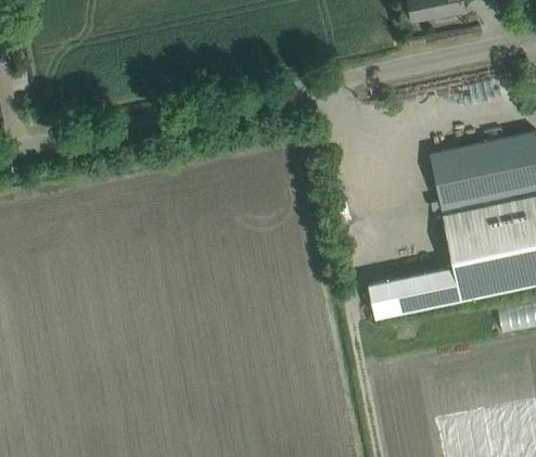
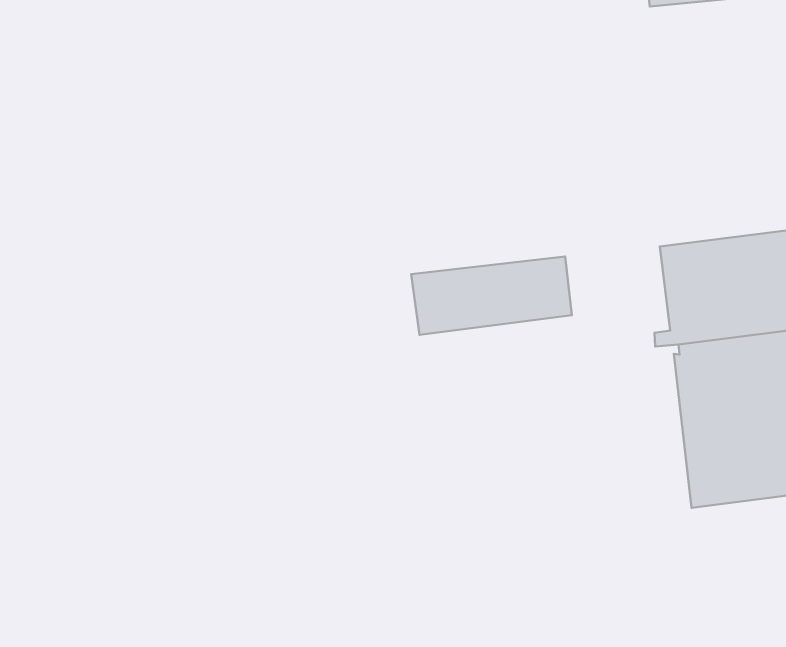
building: [368,268,460,319] -> [411,257,572,335]

